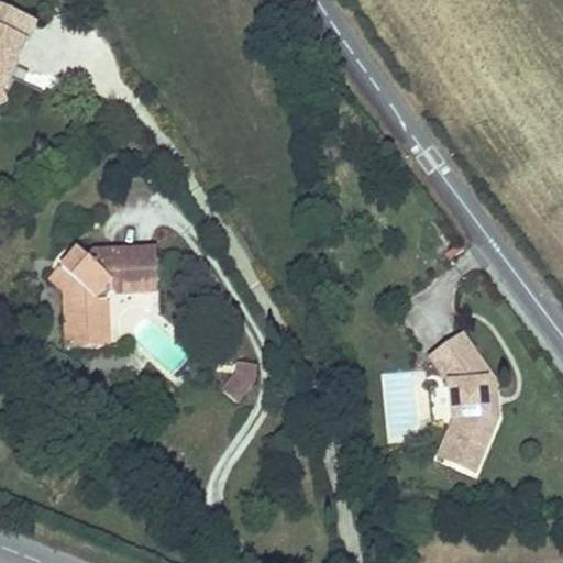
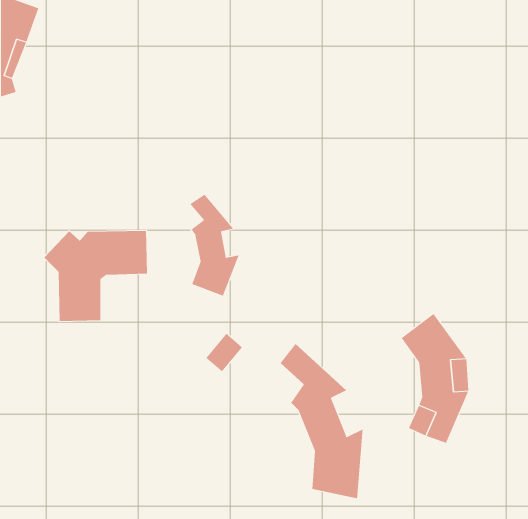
building: none -> [190,194,239,296]
building: none -> [280,343,363,499]

